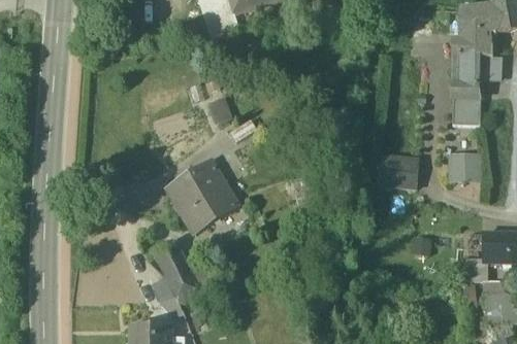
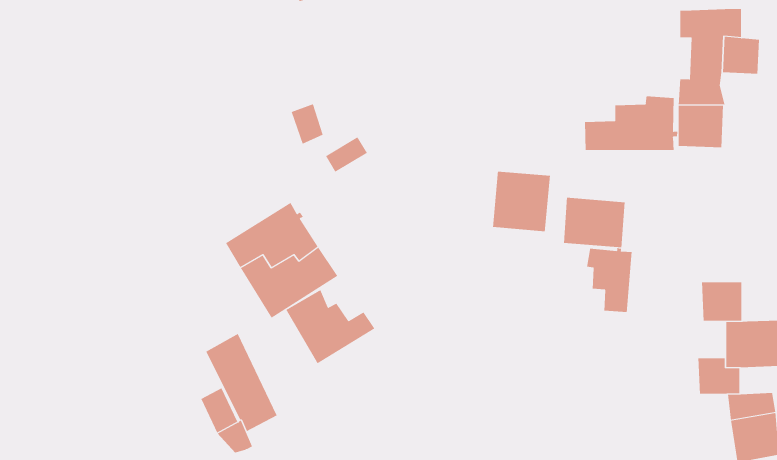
building: none -> [584,95,678,151]
building: none -> [492,171,551,232]
building: [451,156,477,180] -> [701,282,742,321]
building: none -> [587,248,632,313]
building: none -> [285,289,375,364]

